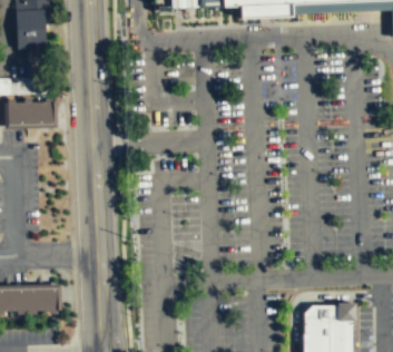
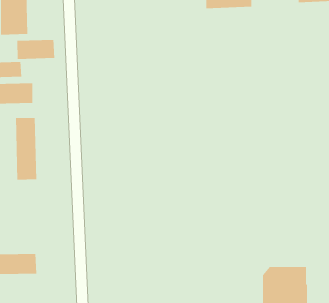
building: none -> [17,39,55,60]
building: none -> [15,117,37,181]

